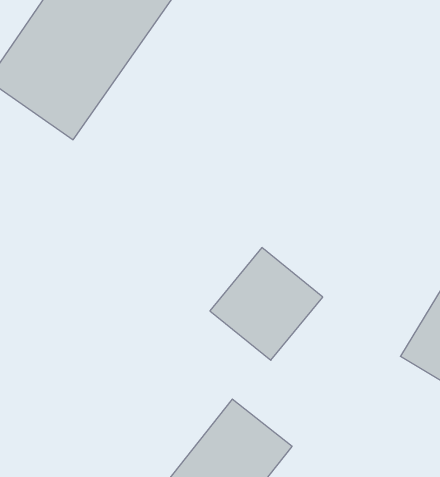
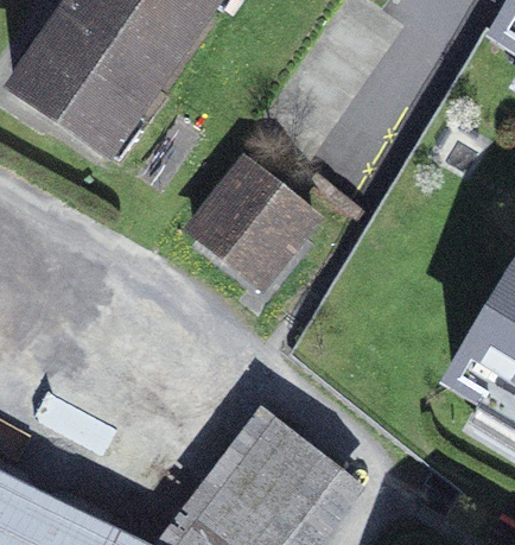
building: [210,248,323,360] -> [195,163,313,281]

